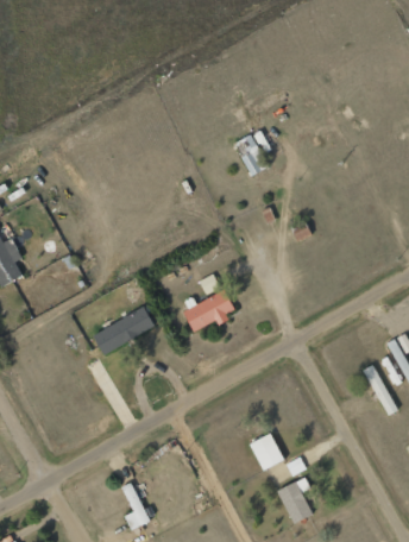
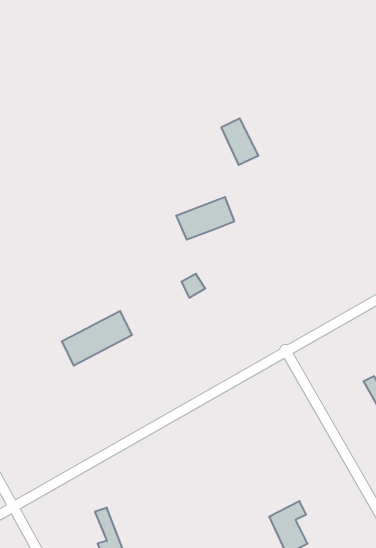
building: [183,292,235,330] -> [176,197,234,240]
building: [250,433,284,471] -> none

